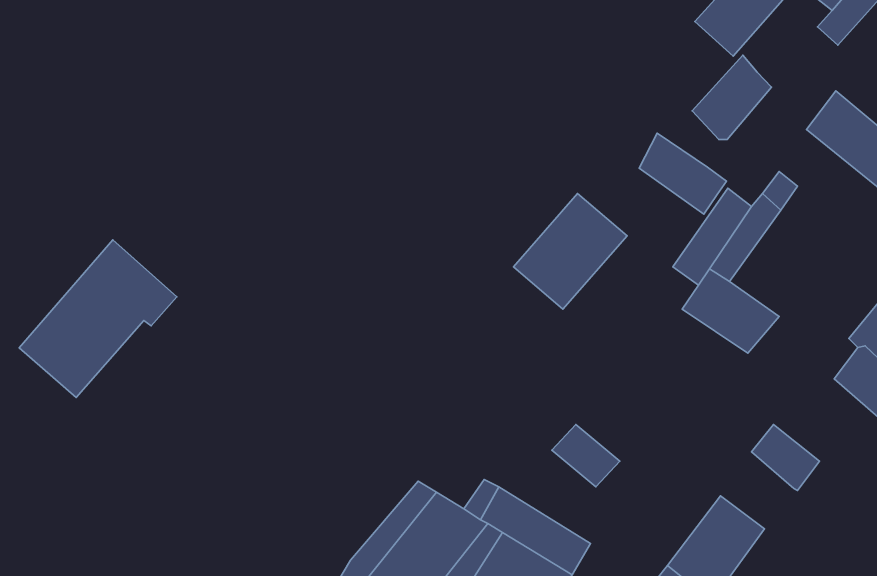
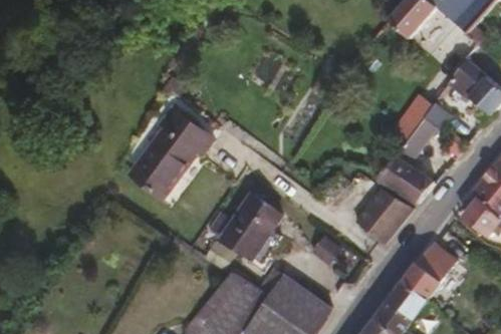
building: [692,55,771,139] -> none
building: [639,133,727,214] -> none
building: [513,194,627,309] -> [220,197,282,260]
building: [19,240,177,397] -> [129,108,215,195]
building: none -> [352,190,411,248]
building: none -> [402,256,442,298]

